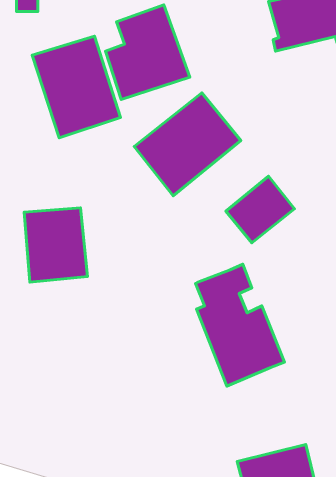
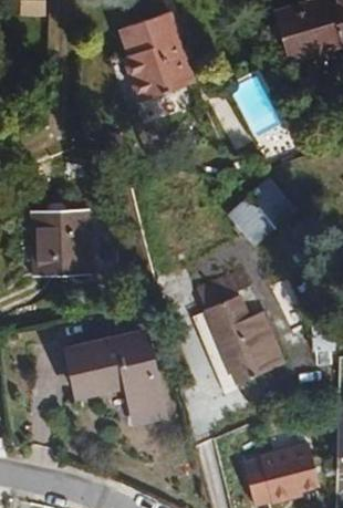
building: [32,36,121,138] -> none
building: [134,93,241,196] -> none
building: none -> [63,334,163,418]

